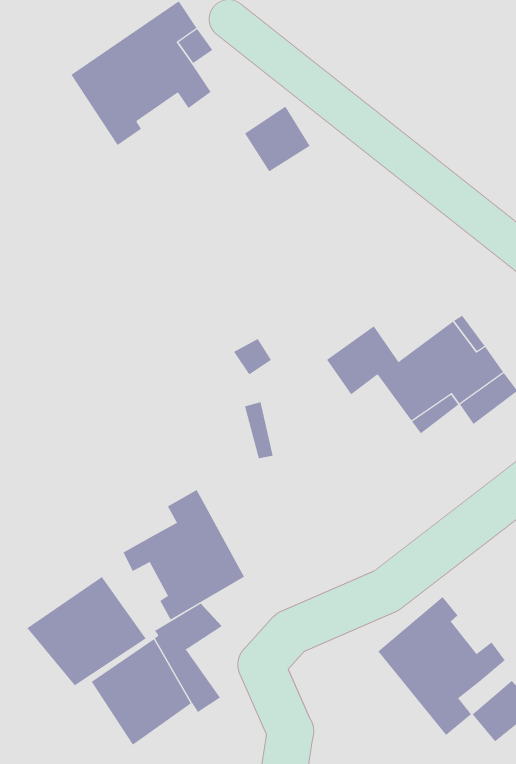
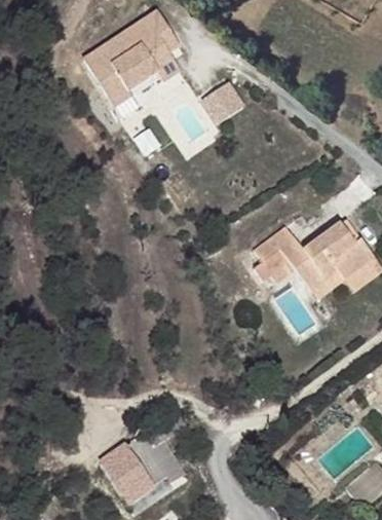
building: [123,489,245,621] -> none
building: [26,576,147,686] -> none
building: [378,596,506,736] -> none

